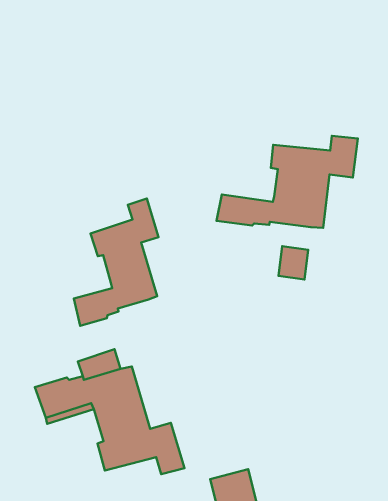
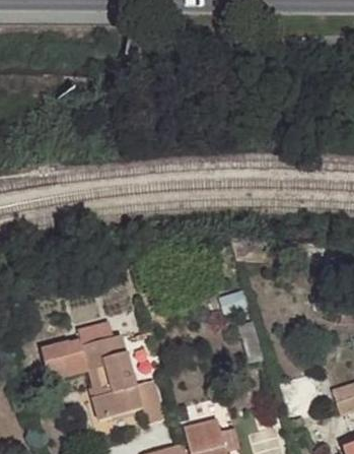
building: [216,136,358,228] -> none
building: [74,198,158,326] -> none

